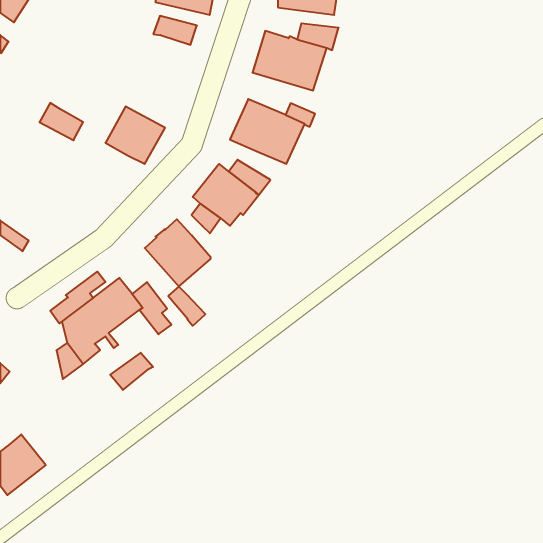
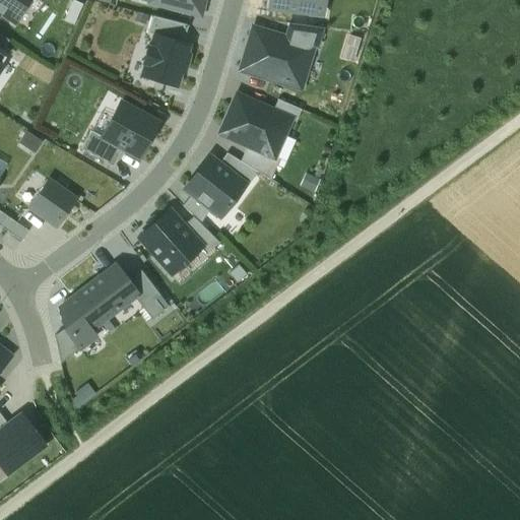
building: none -> [142,34,189,85]
building: [39,103,83,140] -> [81,130,123,166]
building: none -> [241,145,280,179]
building: none -> [28,179,76,225]
building: [50,272,105,323] -> none
building: [168,286,205,326] -> [184,215,219,253]
building: [110,353,153,390] -> none

